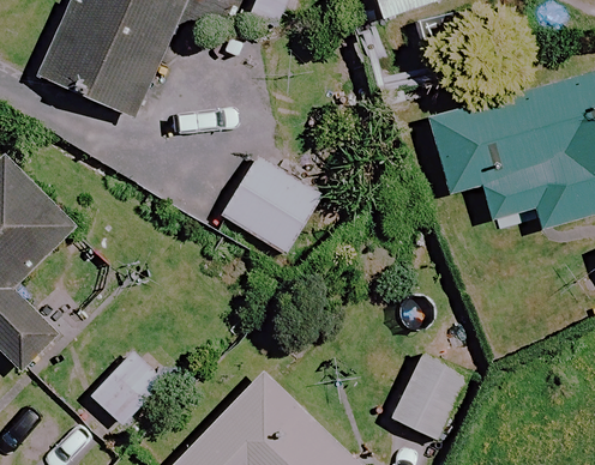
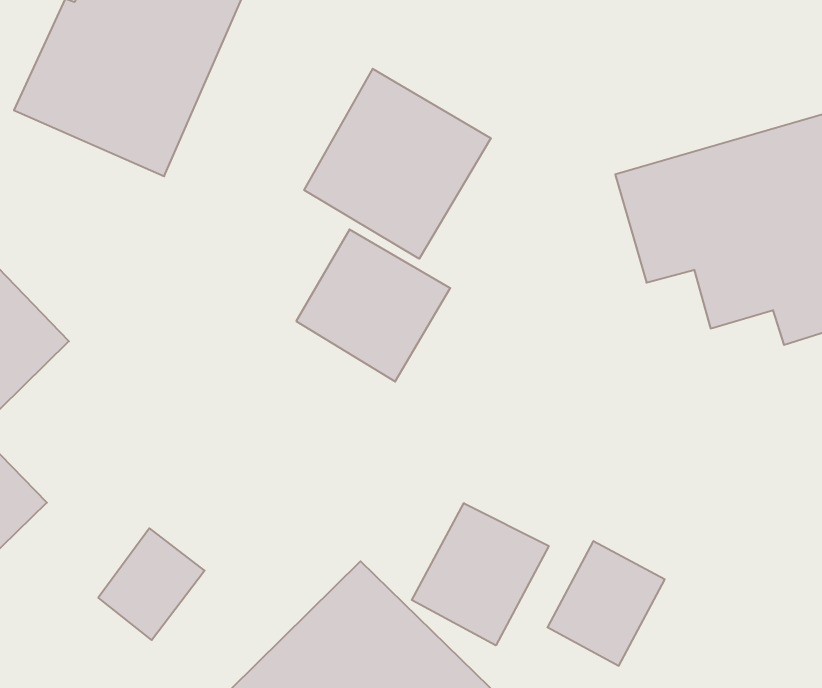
building: none -> [304,69,491,259]
building: none -> [412,503,549,645]

